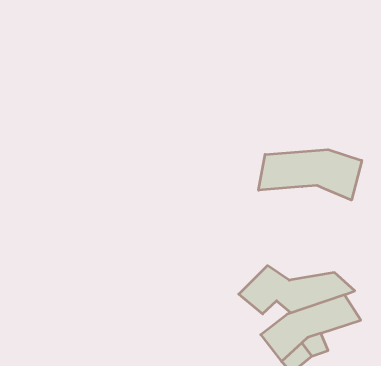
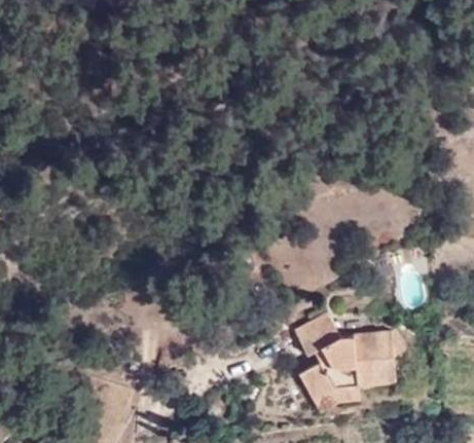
building: [259,150,362,200] -> none

